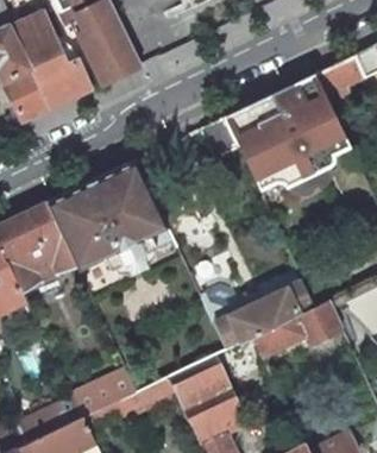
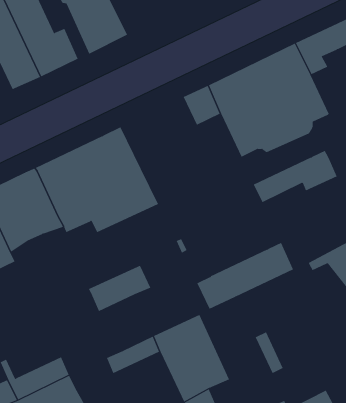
building: [253,301,341,356] -> [253,150,338,203]
building: [70,369,136,417] -> [88,265,151,312]

